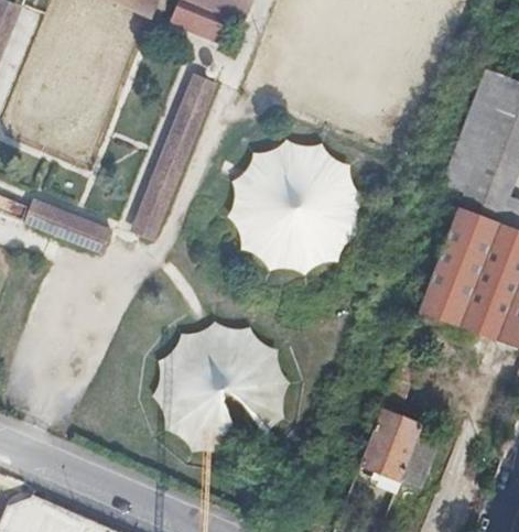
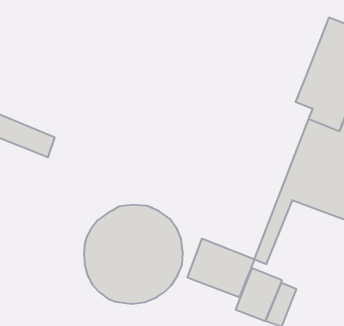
building: [132,77,217,239] -> none
building: [227,137,364,273] -> none
building: none -> [187,239,254,297]

